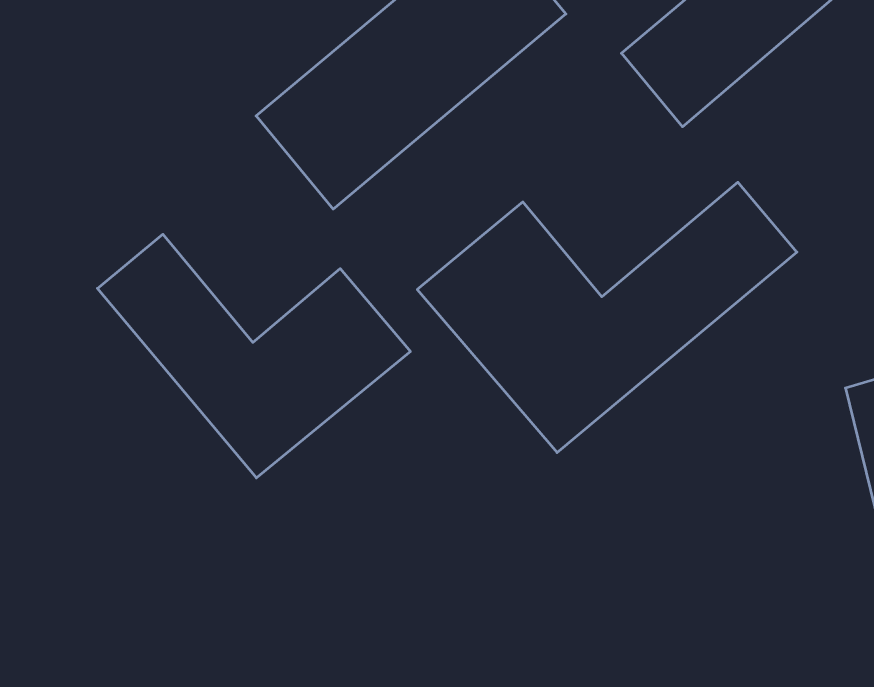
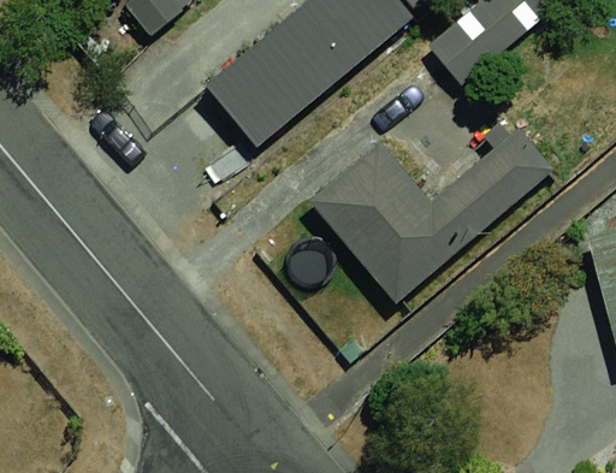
building: [97,234,410,478] -> none

